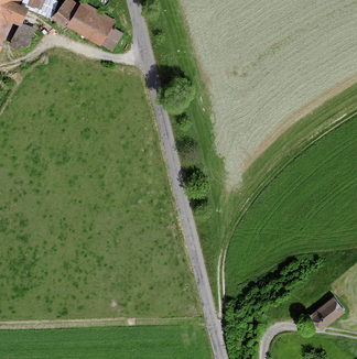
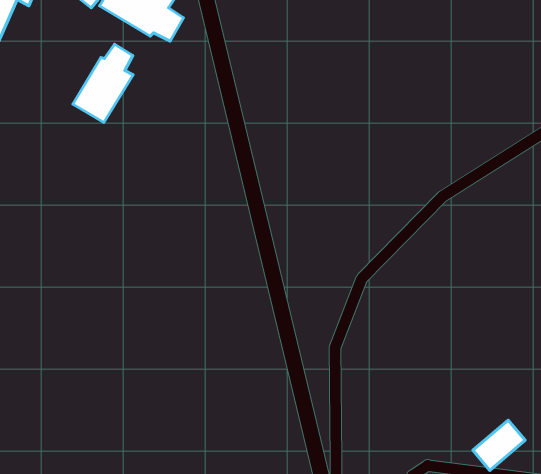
building: none -> [73,44,133,123]

